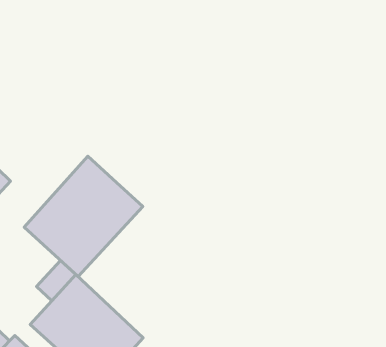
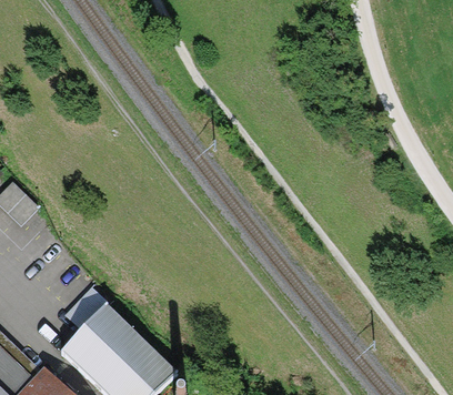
building: [24,156,143,277] -> none

